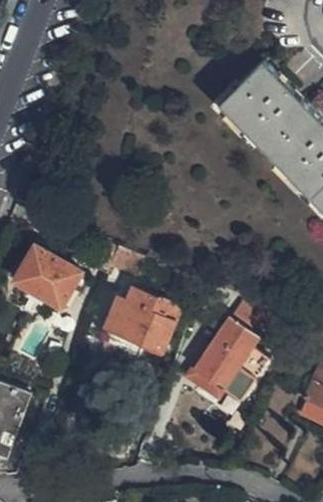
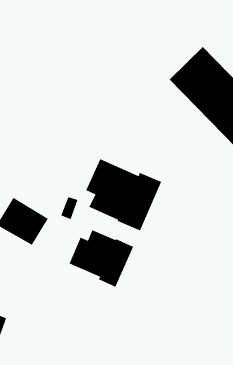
building: none -> [85,158,162,231]
building: [181,323,265,405] -> none

